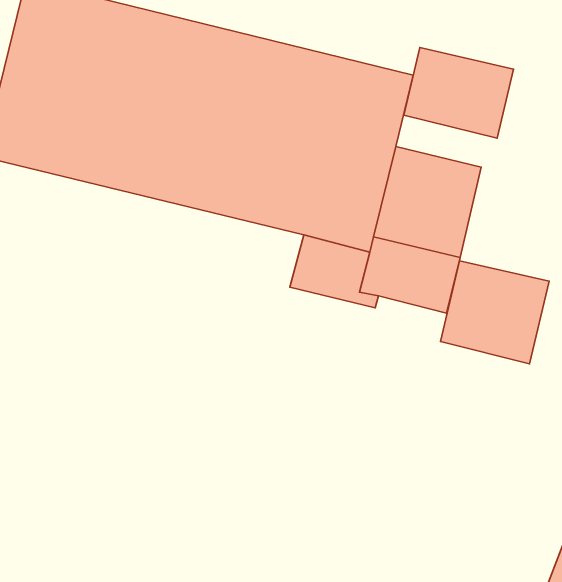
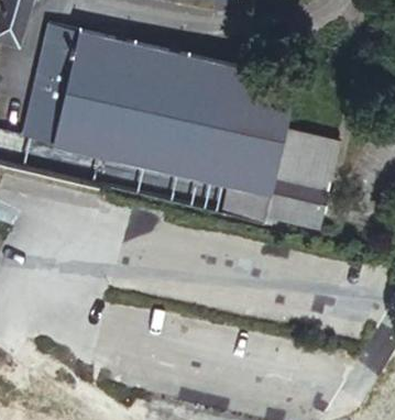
building: [404,47,514,138] -> none
building: [440,261,549,364] -> none

